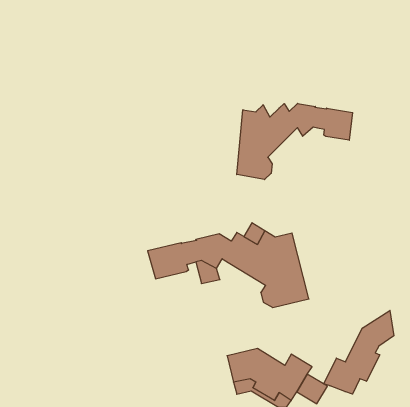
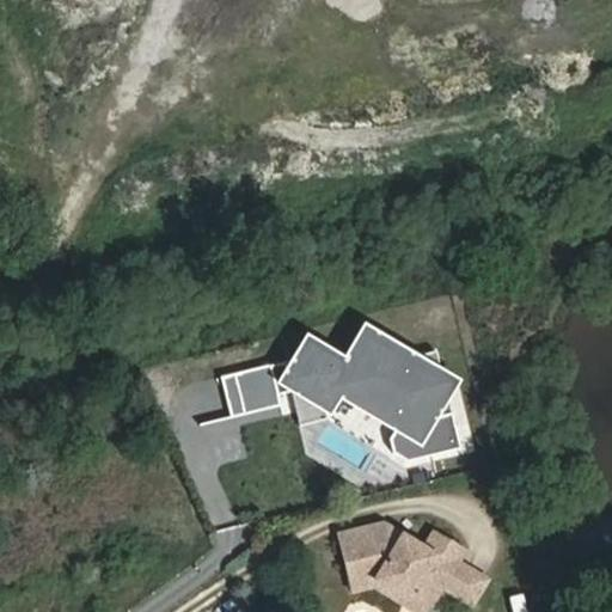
building: [237,103,353,180] -> none
building: [324,310,394,394] -> none

